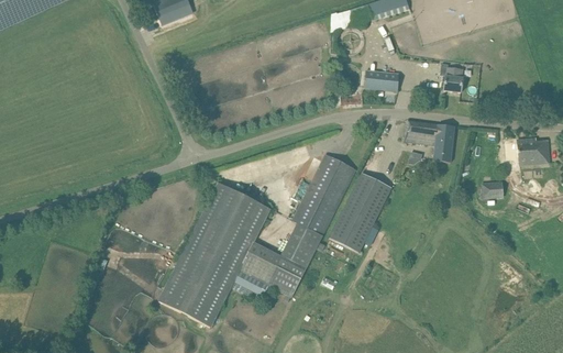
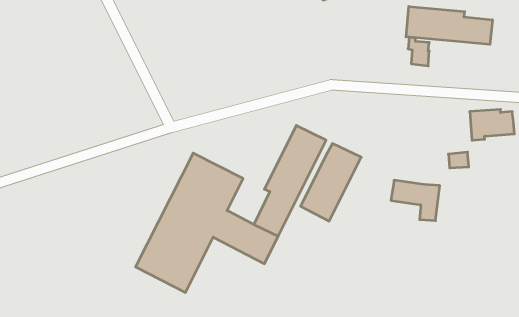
building: none -> [406,6,492,44]
building: [364,70,399,91] -> none
building: [404,120,454,162] -> [391,180,440,221]

